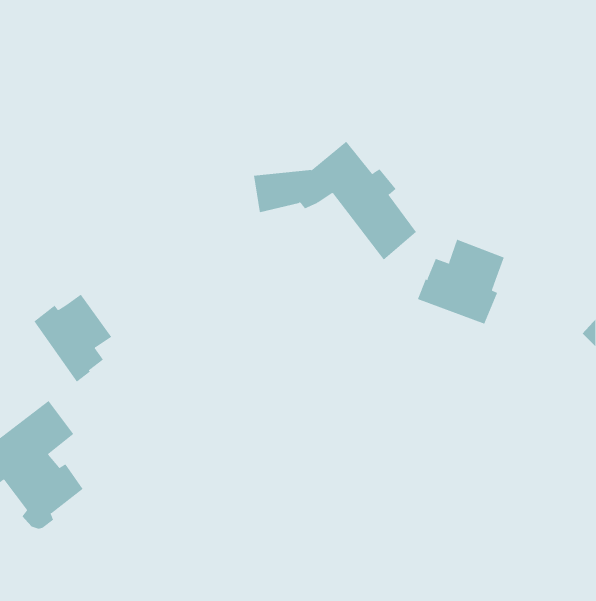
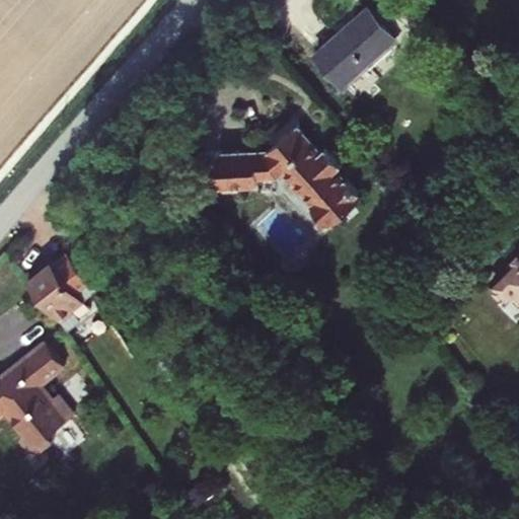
building: none -> [313,12,389,84]
building: [417,239,505,324] -> none

